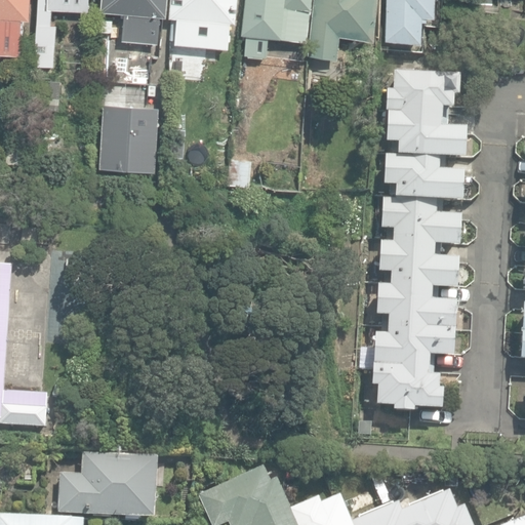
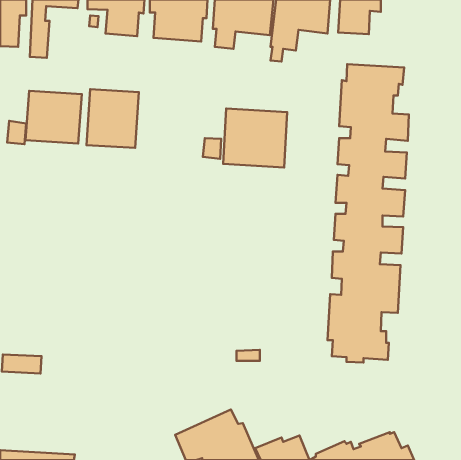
building: none -> [26,91,82,143]
building: none -> [223,109,287,168]
building: [58,451,160,518] -> none

